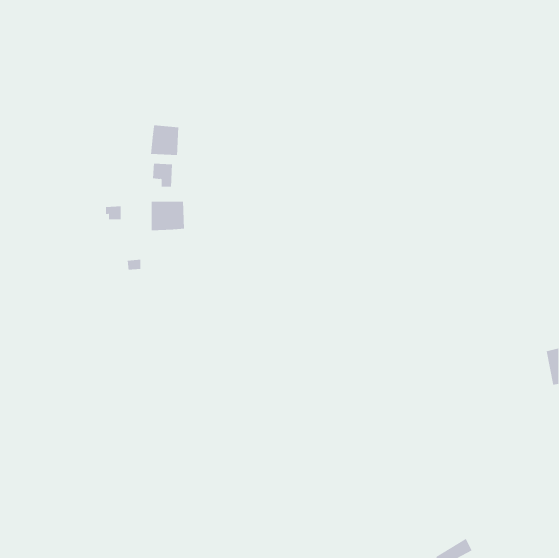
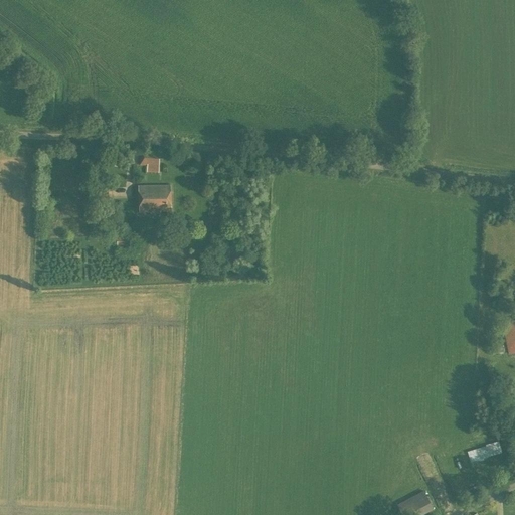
building: [151,125,179,156] -> none
building: none -> [467,442,502,465]

